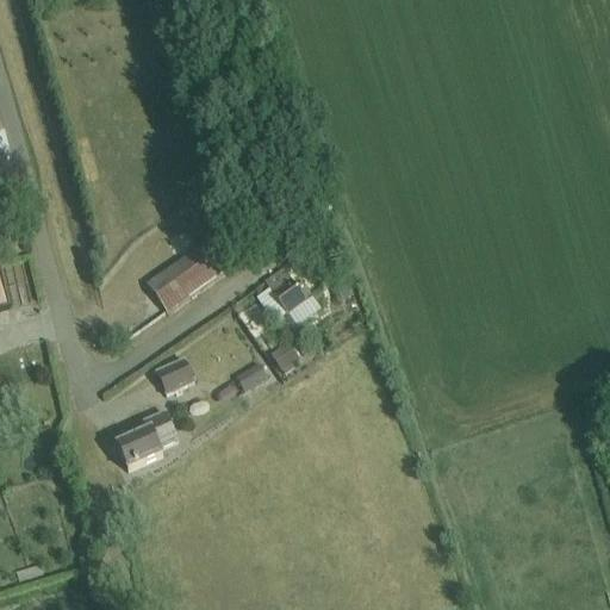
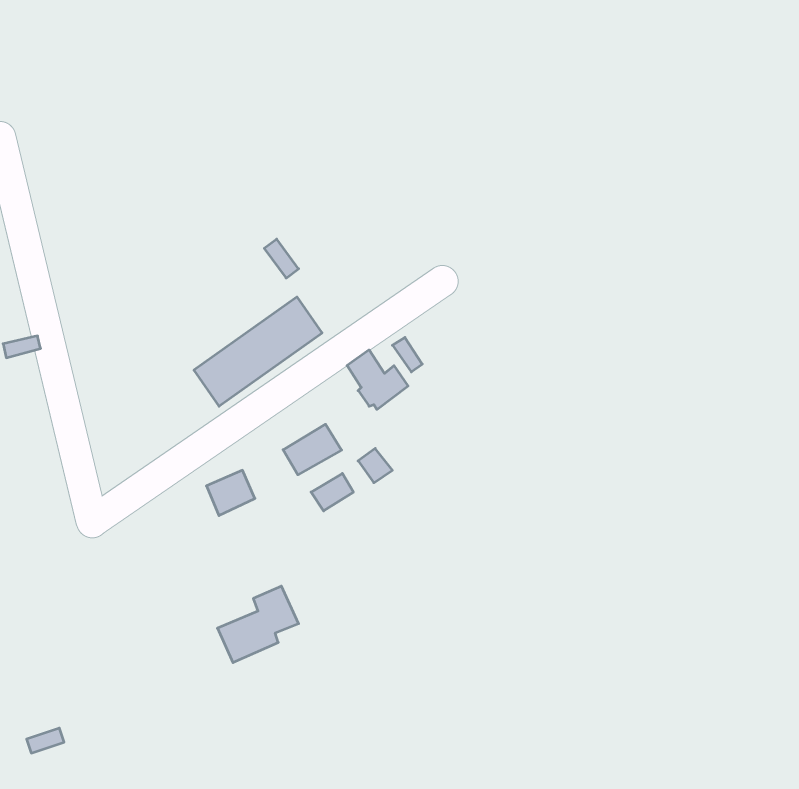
building: none -> [283,424,342,475]
building: [117,411,179,469] -> [217,586,299,663]

